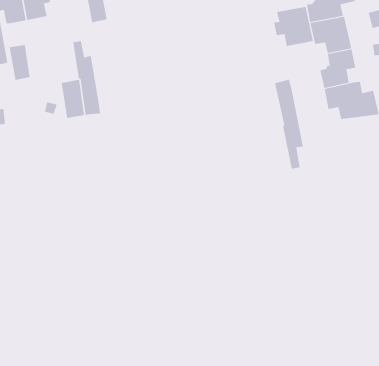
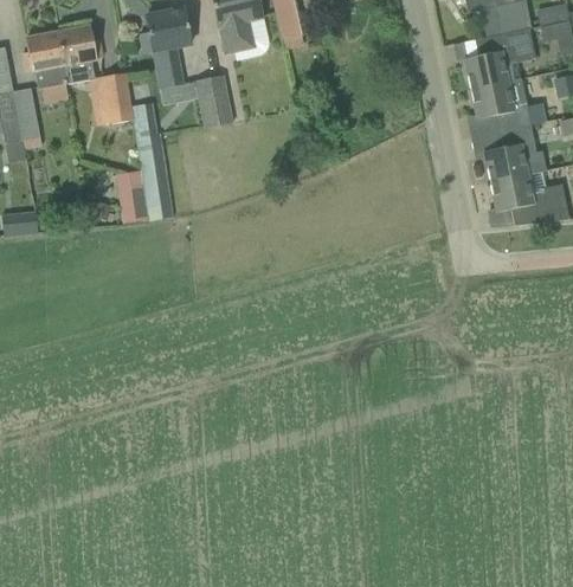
building: [273,6,314,47] -> none
building: none -> [197,75,232,128]
building: [9,45,31,80] -> [101,72,131,123]
building: [275,79,303,169] -> none

